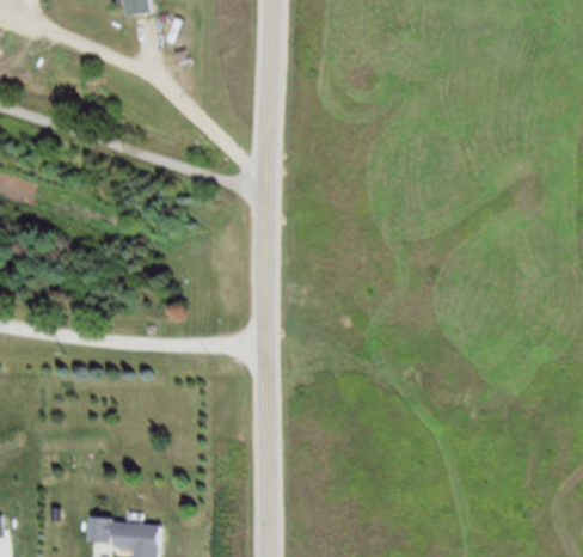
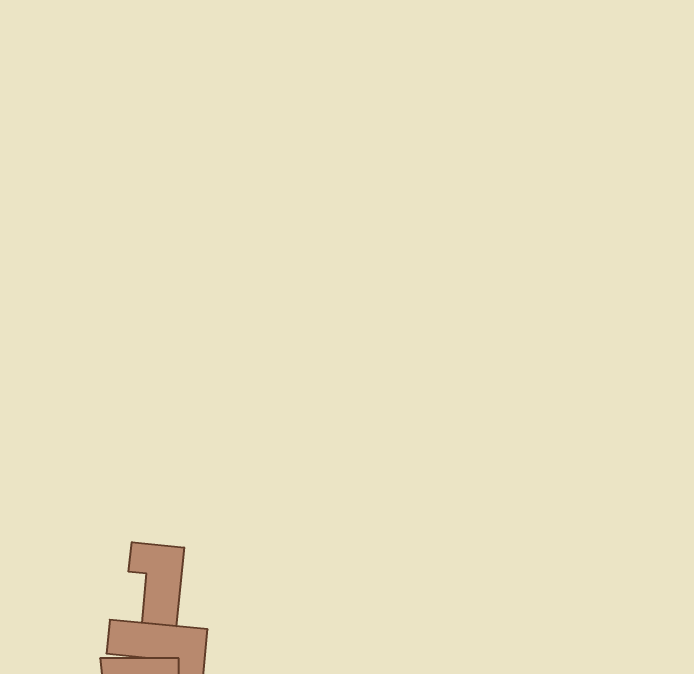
building: none -> [129,542,184,626]

